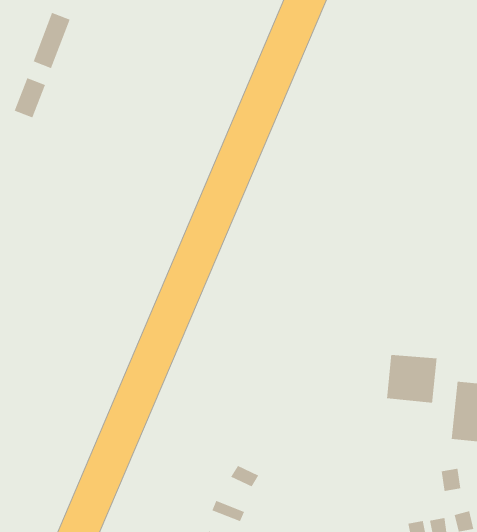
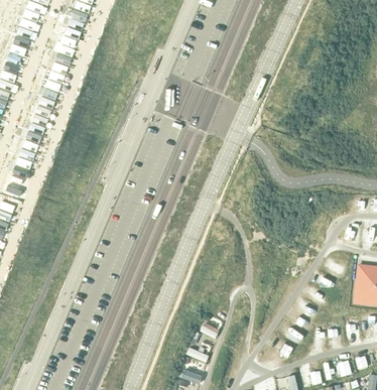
building: [387,354,437,403] -> none

